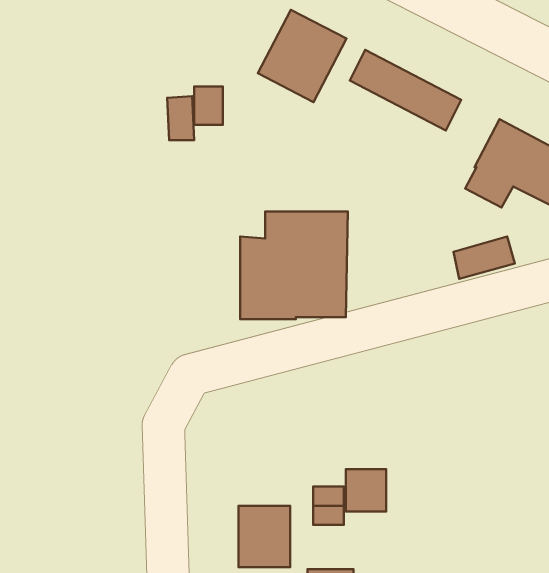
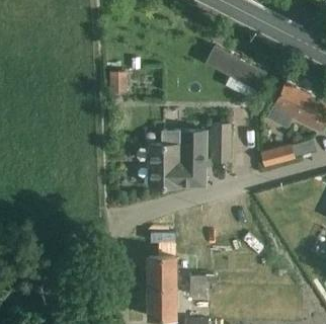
building: [258,10,347,102] -> none
building: none -> [213,124,229,161]
building: none -> [148,254,175,286]

